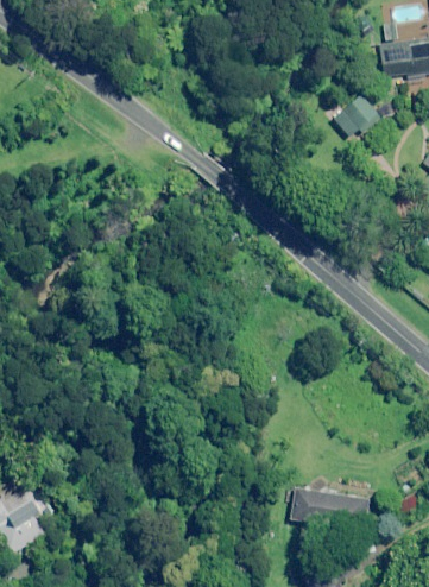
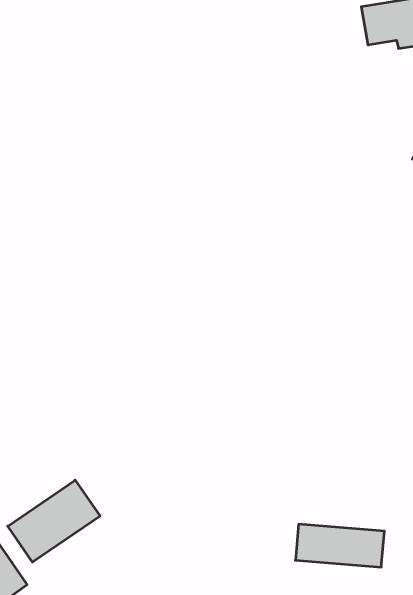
building: [334,94,376,134] -> none
building: none -> [8,480,100,562]

